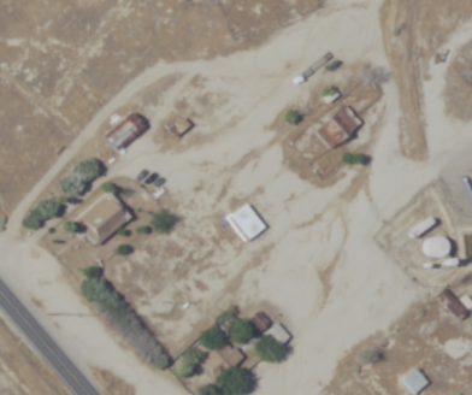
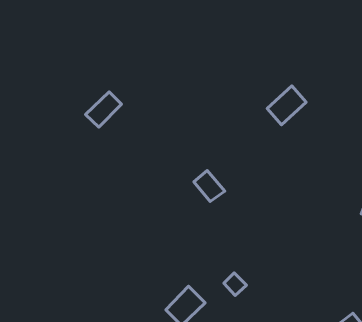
building: [76,194,126,244] -> none

